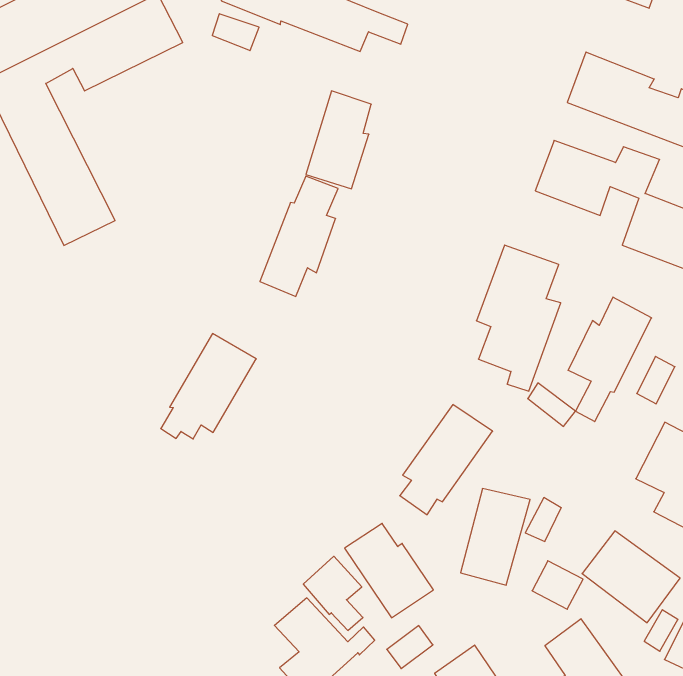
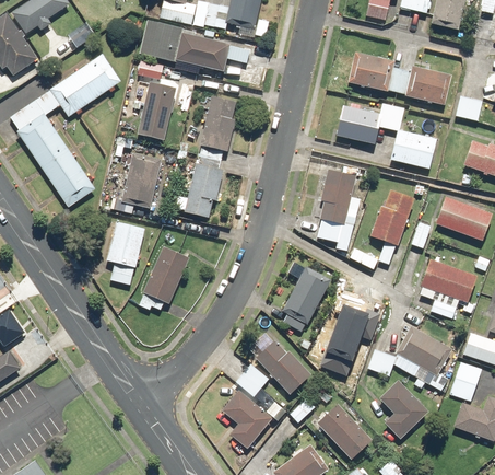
building: none -> [139,81,175,138]
building: none -> [121,152,161,208]
building: none -> [107,220,143,286]

